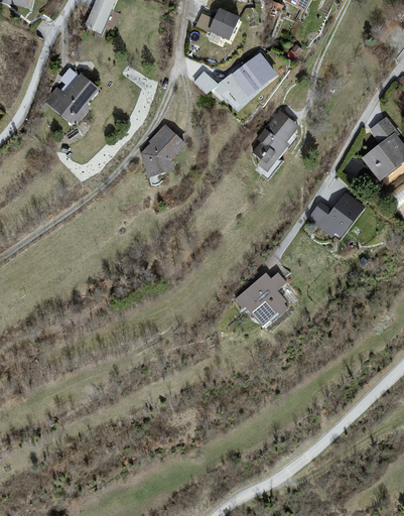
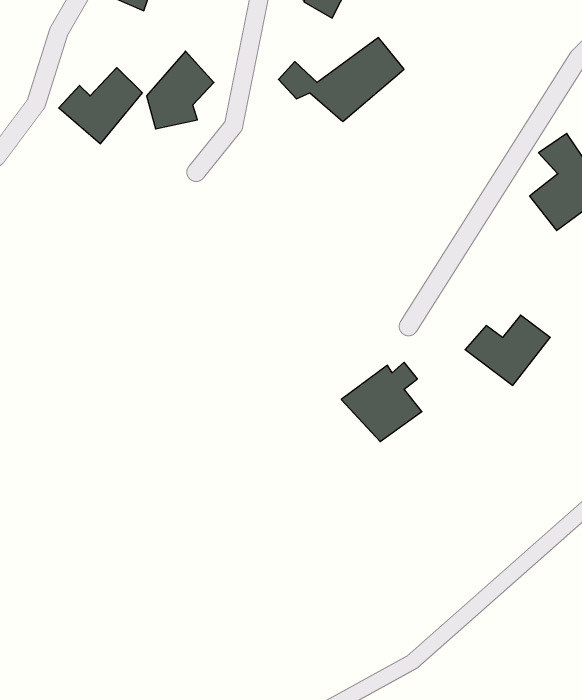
building: [252,112,298,172] -> none
building: [141,124,186,176] -> [147,51,214,129]
building: [307,192,365,240] -> [465,315,550,385]

